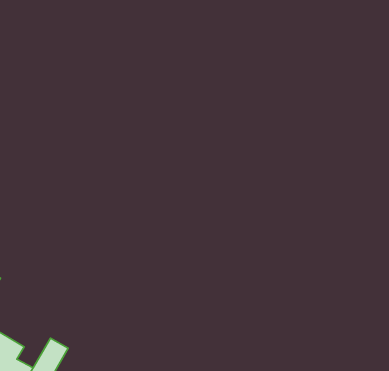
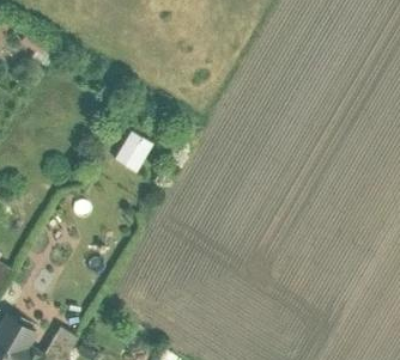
building: none -> [117,132,154,172]

